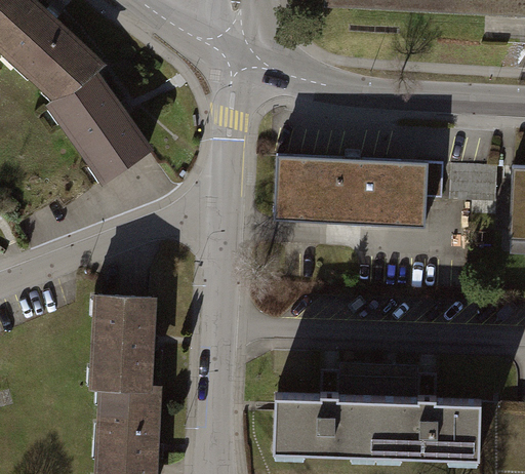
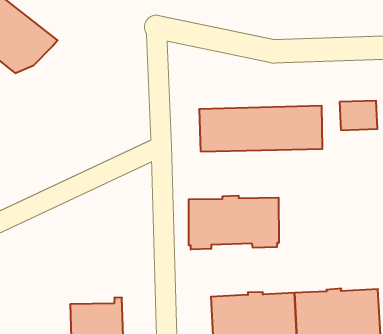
building: [45,72,155,187] -> none
building: none -> [189,196,279,250]
building: [89,295,158,395] -> none

